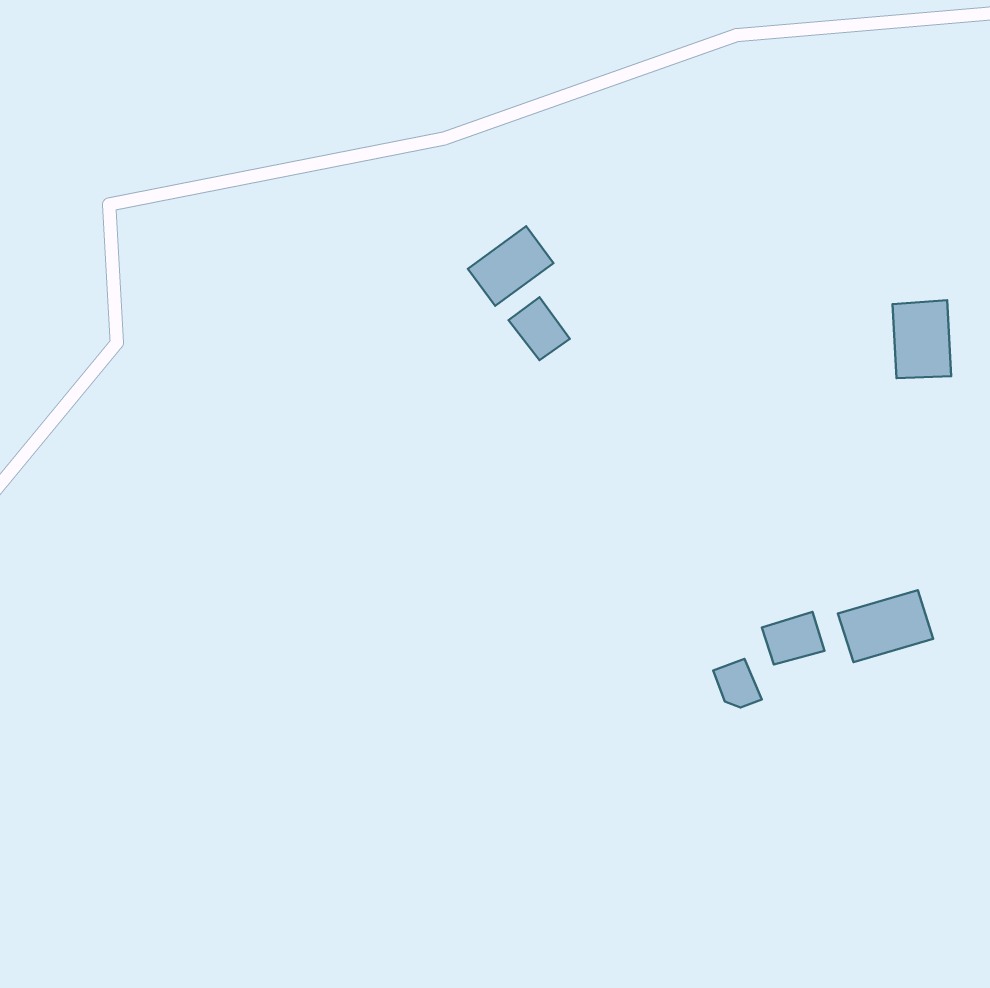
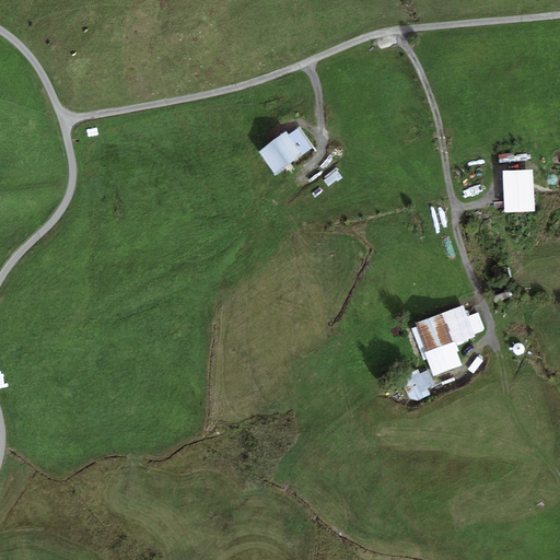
building: [508,297,570,360] -> none
building: [838,590,933,662] -> [418,307,471,348]

